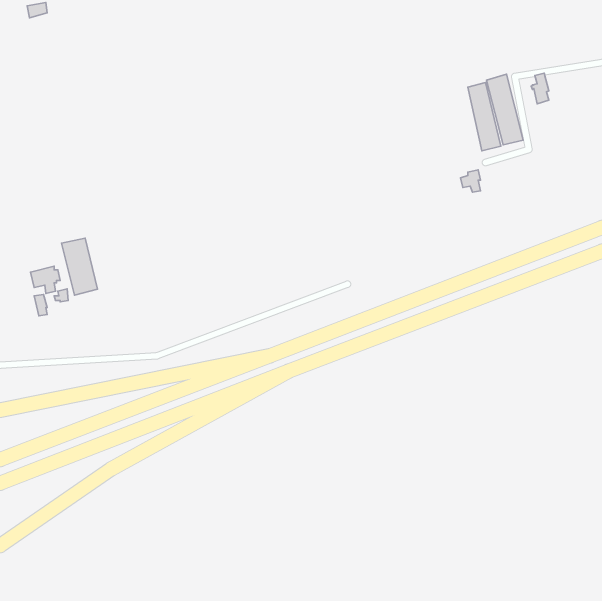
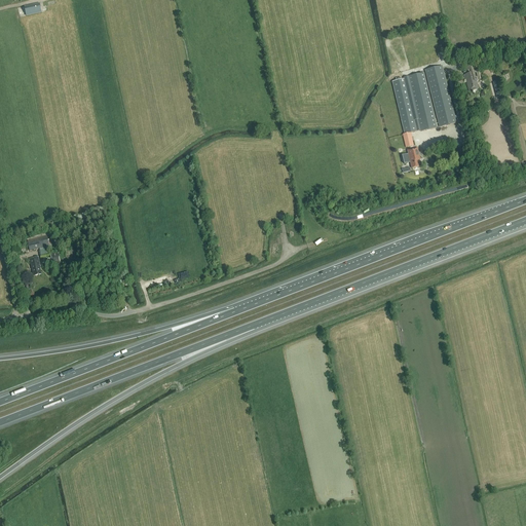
building: none -> [392,78,417,147]
building: [61,238,98,295] -> none

